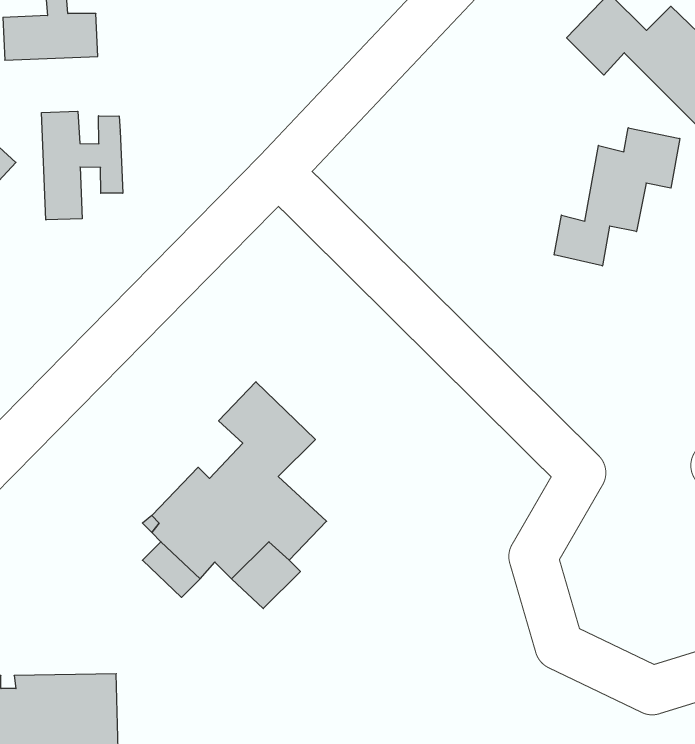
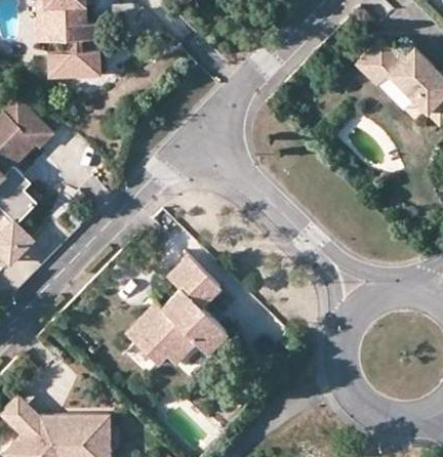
building: [42,111,123,220] -> none
building: [554,128,680,266] -> none

